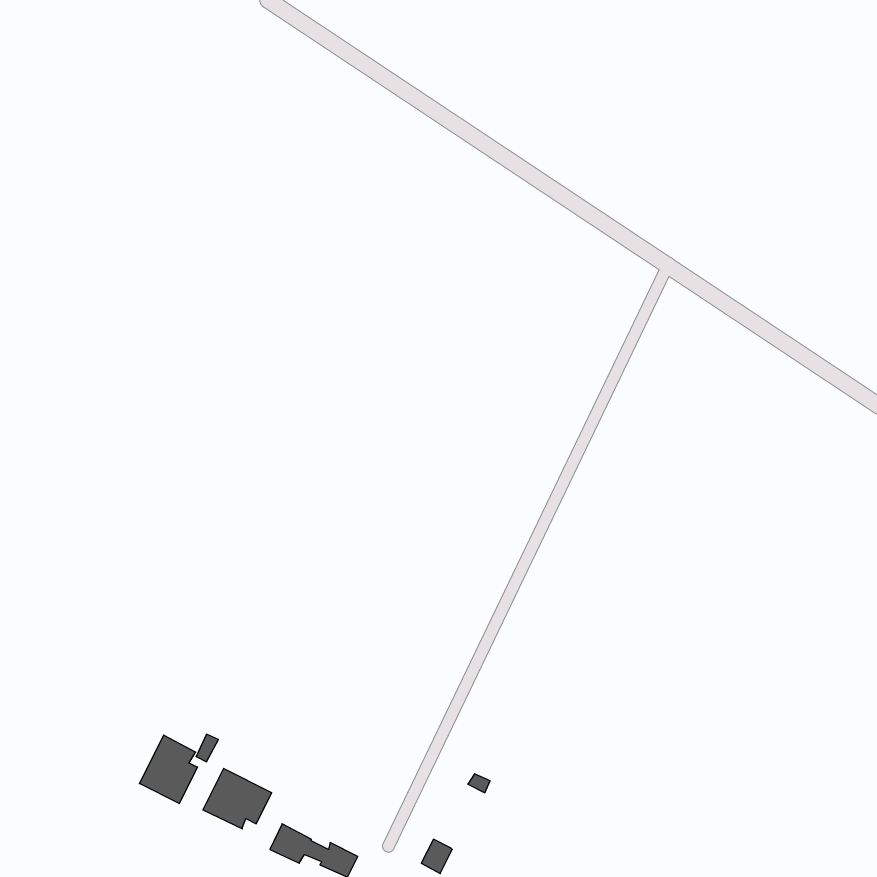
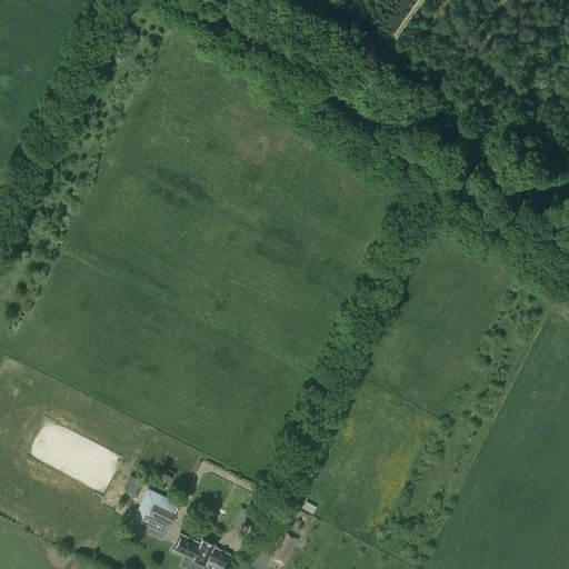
building: [139,735,198,804] -> none

